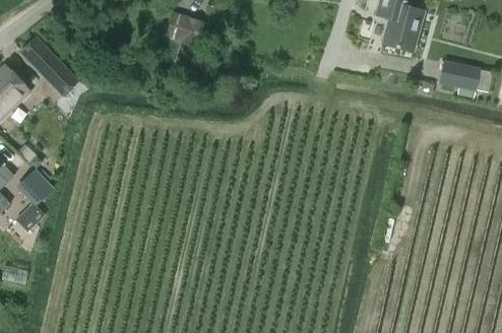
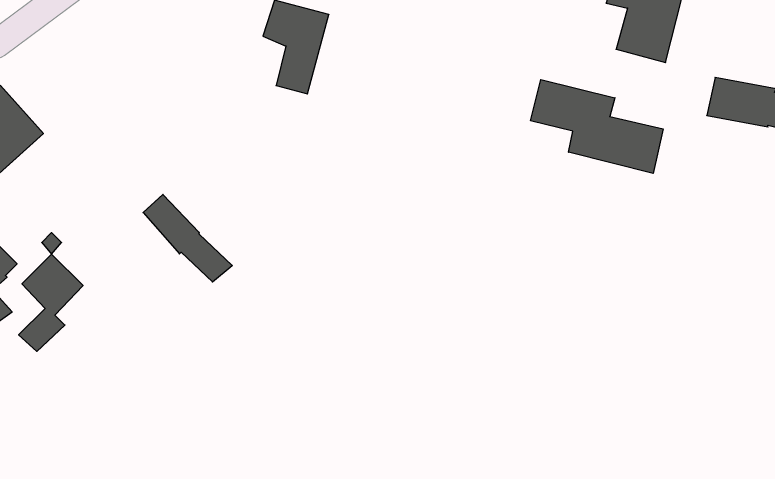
building: [22,38,77,91] -> [143,194,232,282]
building: none -> [531,80,663,173]

